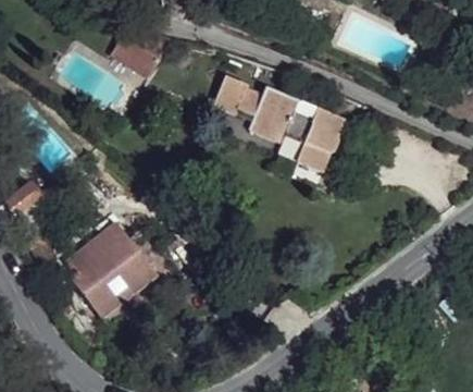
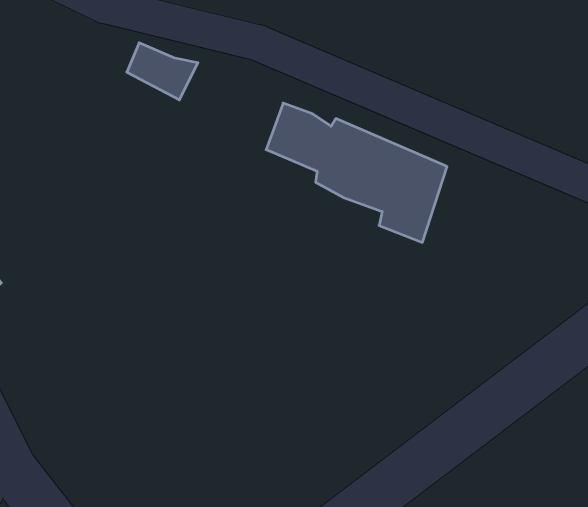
building: [69,223,155,317] -> none

